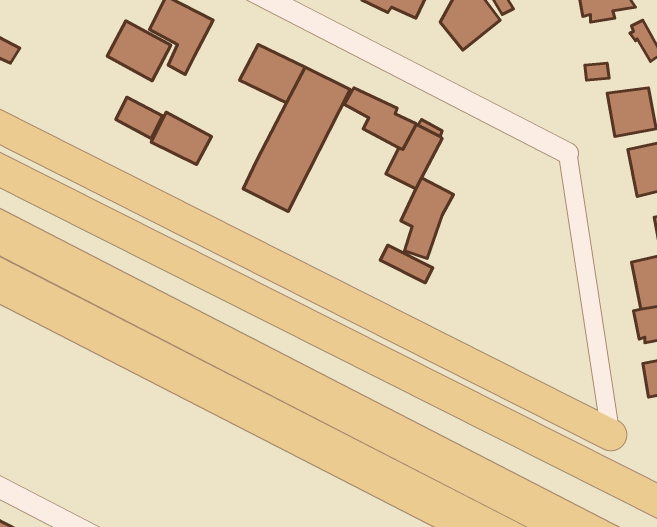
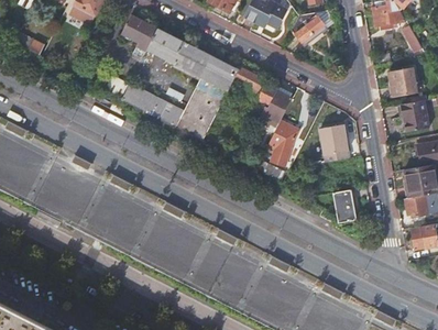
building: [107,21,171,81] -> [146,28,184,63]
building: none -> [147,96,183,127]
building: none -> [319,123,347,161]
building: none -> [332,189,354,222]

